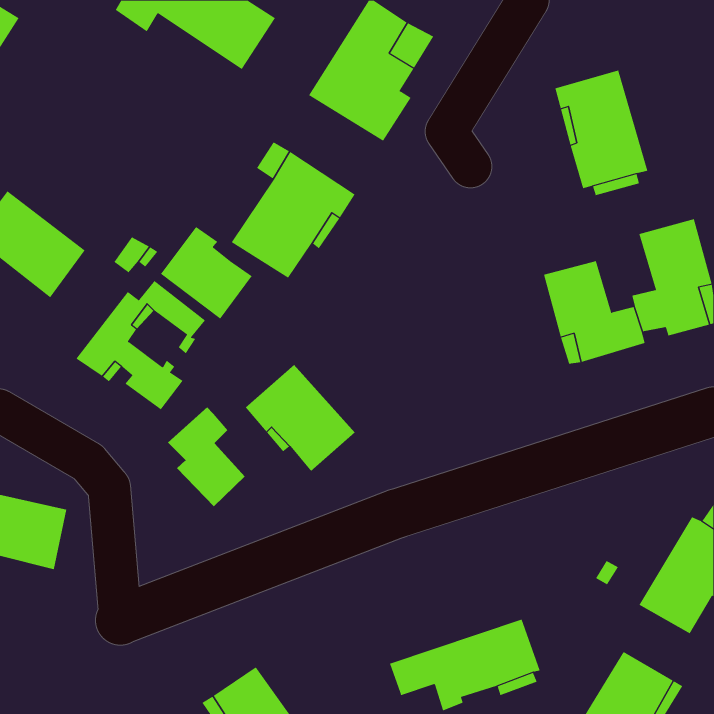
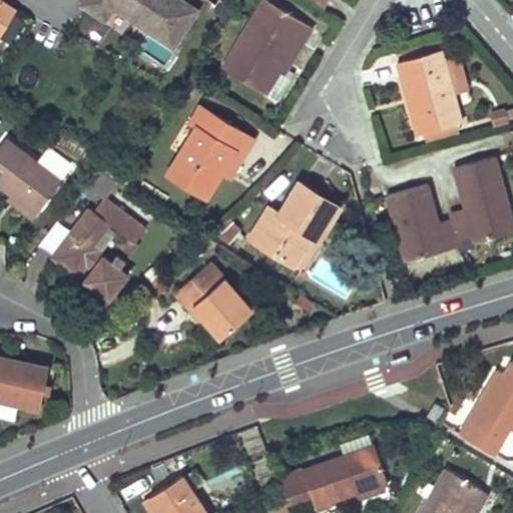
building: [160,226,253,320] -> none
building: none -> [247,182,339,273]
building: [167,407,245,507] -> none

